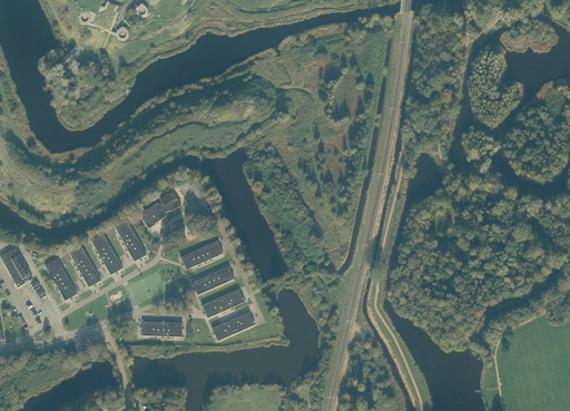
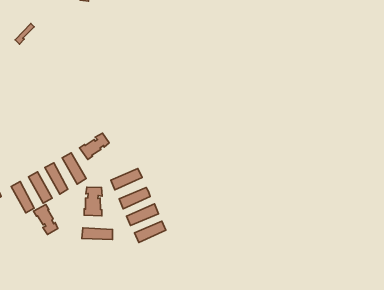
building: none -> [84,187,102,216]
building: none -> [33,204,58,234]

